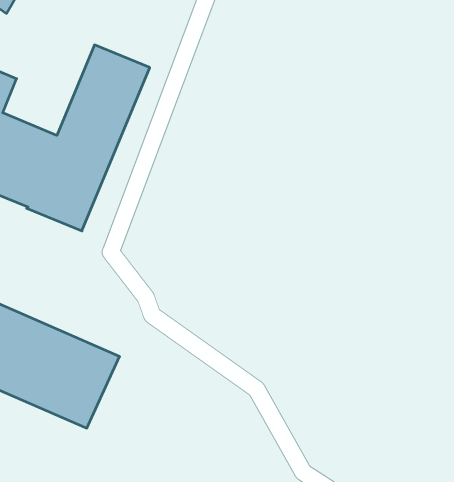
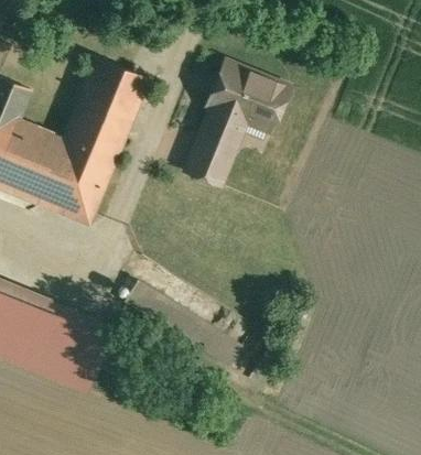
building: none -> [184,64,288,187]

